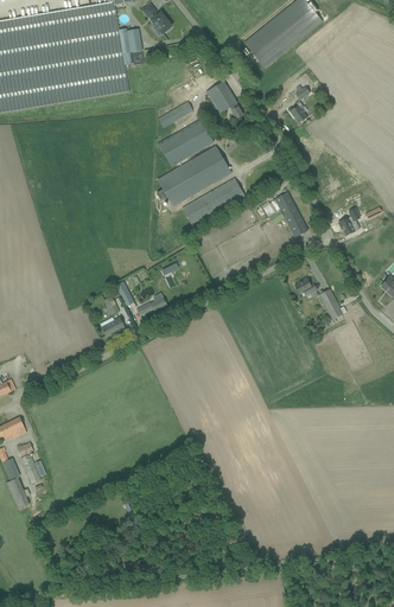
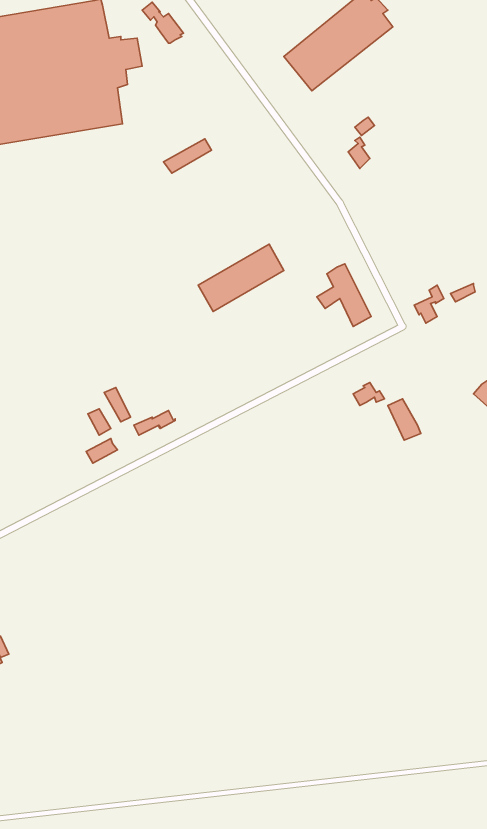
building: [206,79,243,117] -> none
building: [158,119,214,165] -> none
building: [158,145,231,205] -> none

